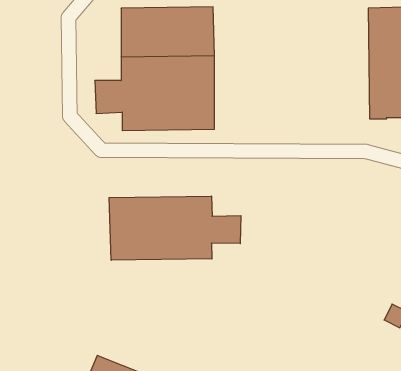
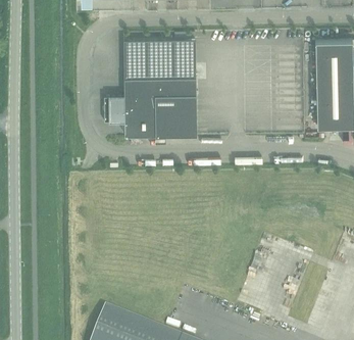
building: [109,196,241,260] -> none

